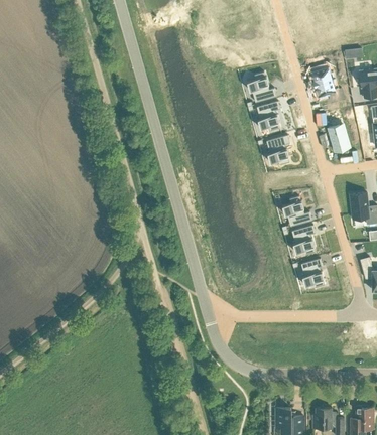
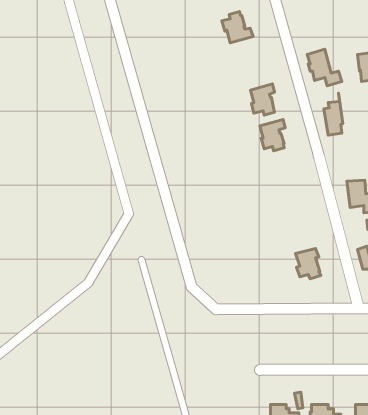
building: [246,71,276,102] -> [222,11,253,43]
building: [281,195,310,226] -> none
building: [290,224,315,254] -> none

